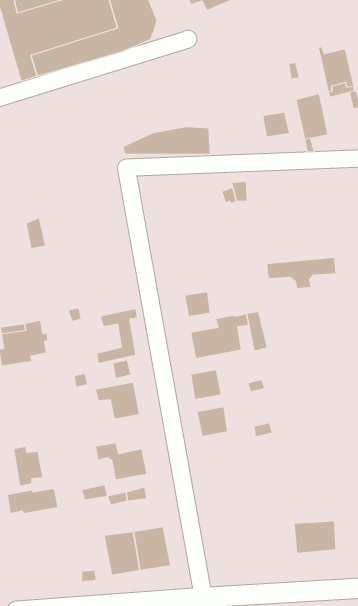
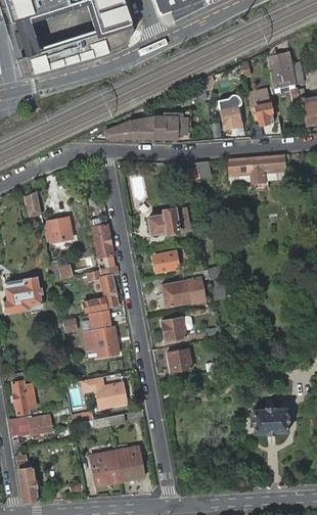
building: none -> [149,207,191,234]
building: none -> [89,215,115,269]
building: none -> [43,216,73,242]
building: [267,258,336,288] -> [229,154,286,180]
building: [294,521,336,553] -> [253,407,287,433]
building: none -> [16,453,39,501]

